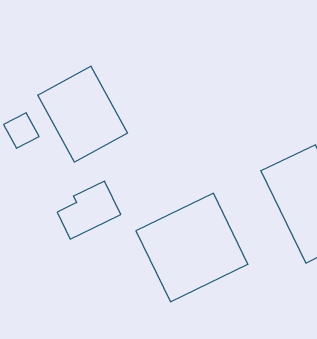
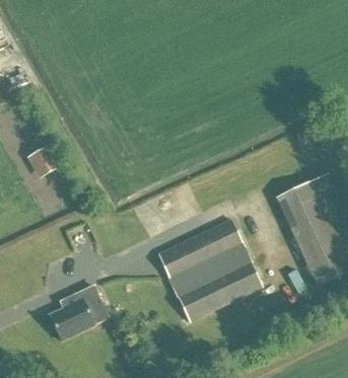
building: [38,66,127,162] -> none
building: [57,181,121,239] -> [48,286,108,341]

